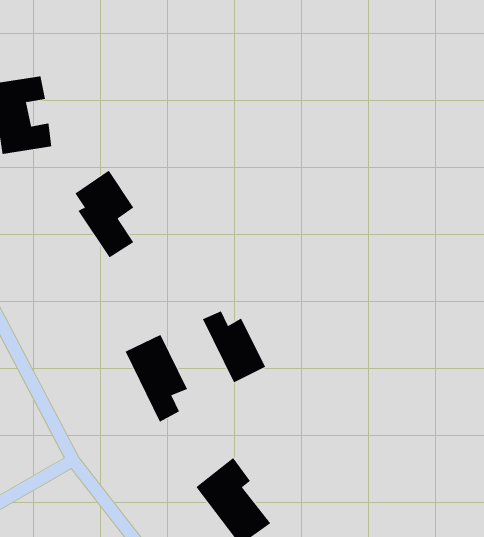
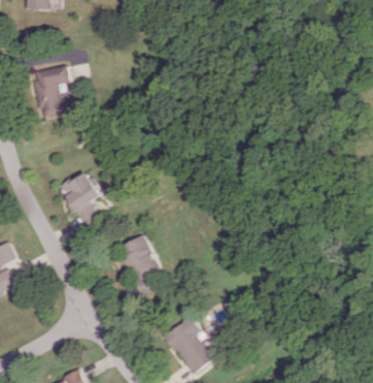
building: [74,170,134,258] -> [61,169,100,227]
building: [202,311,266,383] -> none

